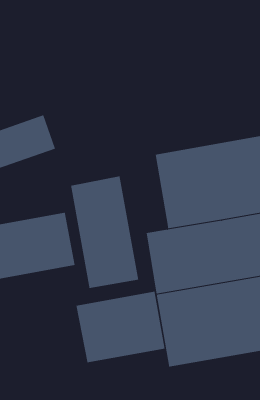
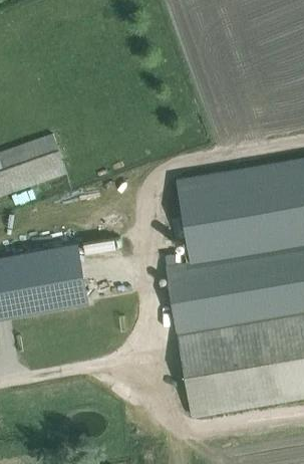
building: [71,176,139,289] -> none
building: [76,291,165,363] -> none

